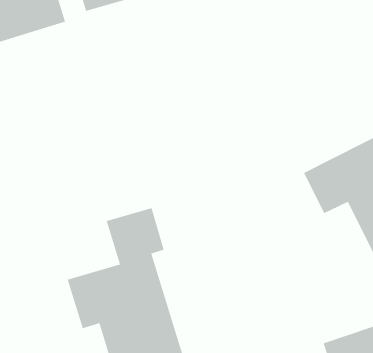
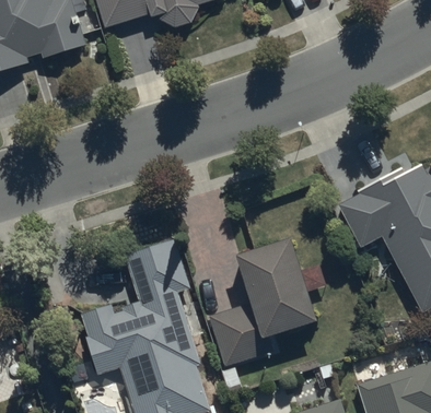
building: none -> [205,239,317,370]

